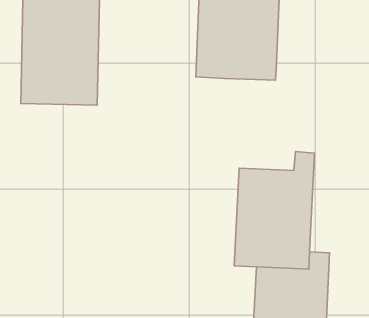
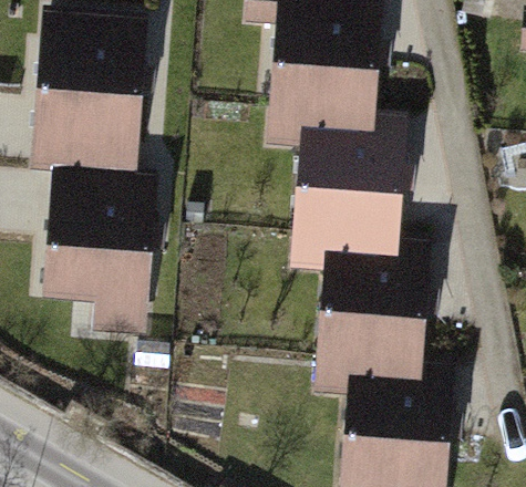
building: none -> [301,122,405,266]
building: none -> [53,184,153,345]

